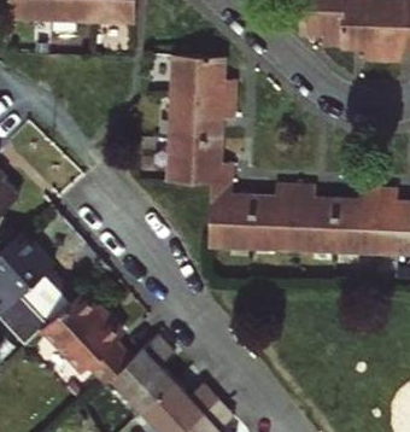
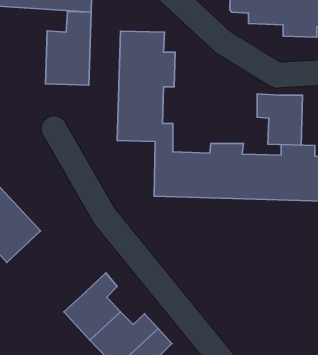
building: none -> [45,11,91,85]
building: none -> [257,94,303,145]
building: [43,286,134,379] -> none

